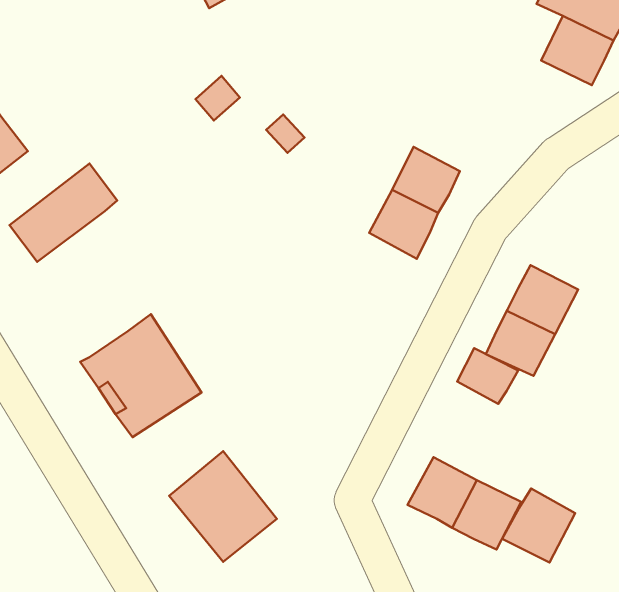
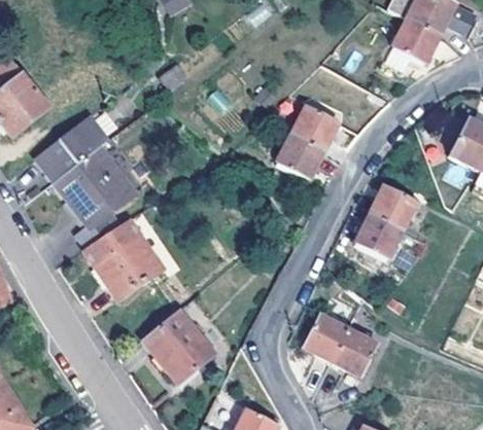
building: none -> [54,148,134,246]
building: [457,348,518,404] -> none
building: [502,489,575,563] -> none

